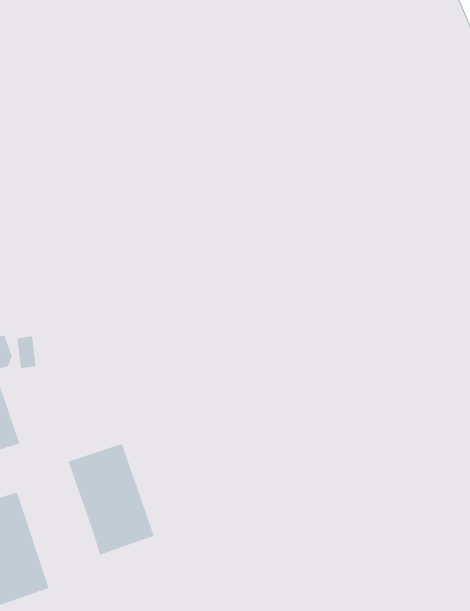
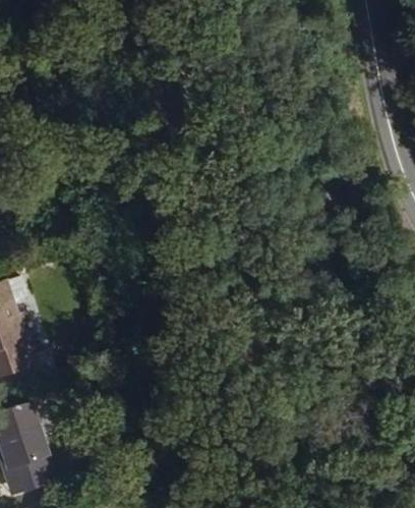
building: [68,443,155,556] -> none

